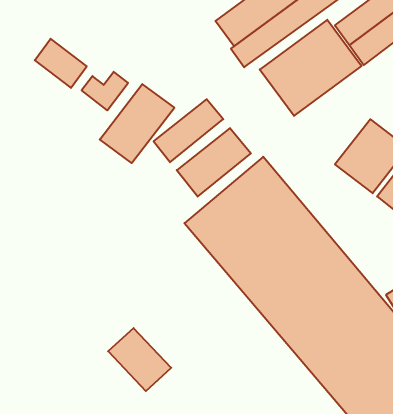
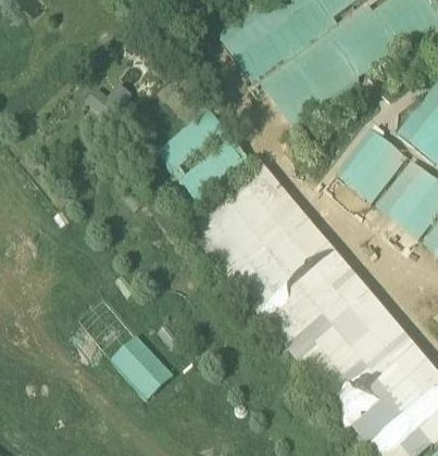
building: [35,39,87,88] -> none
building: [100,84,174,163] -> none

